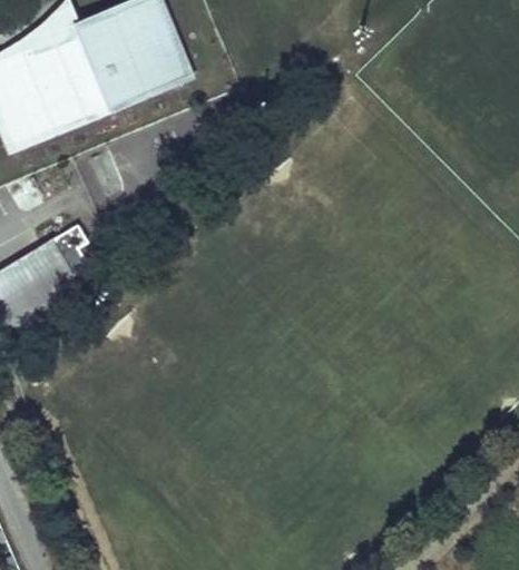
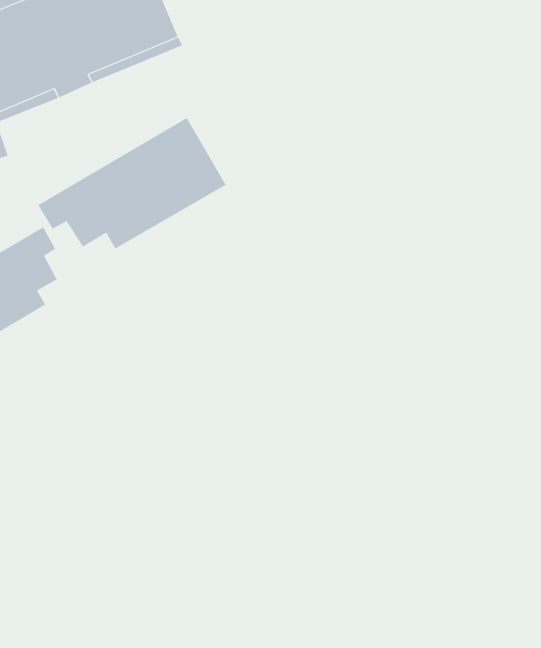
building: none -> [37,117,227,250]

